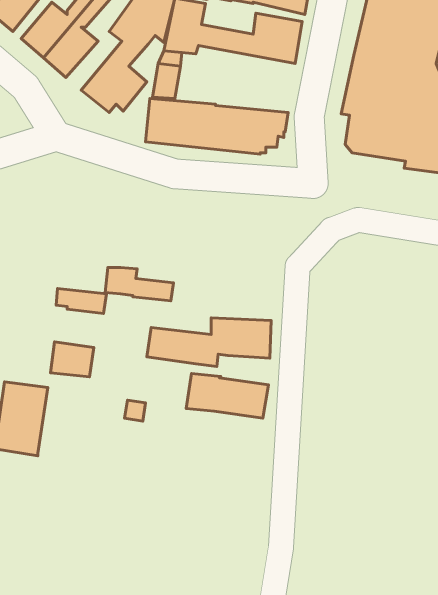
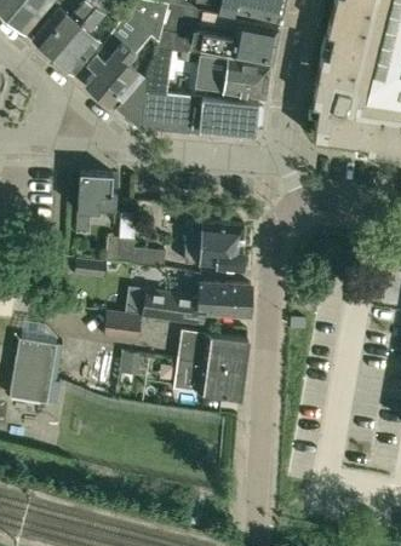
building: none -> [199,57,269,98]
building: none -> [75,172,116,231]
building: none -> [184,223,244,268]
building: [50,342,94,377] -> [104,312,142,343]
building: none -> [172,361,242,398]

